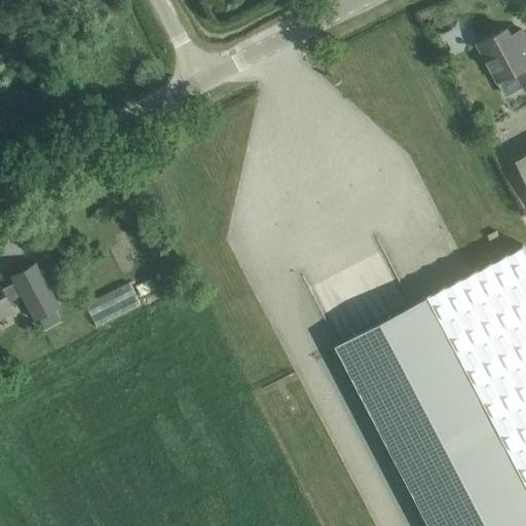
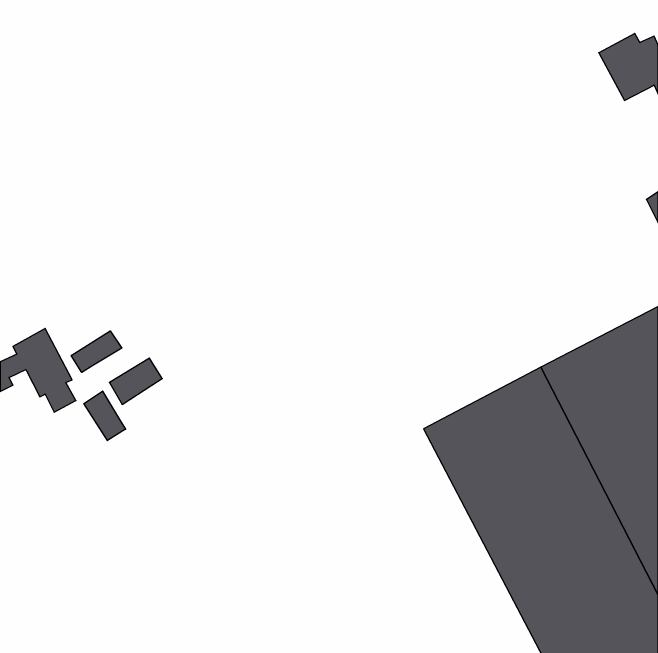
building: none -> [71,331,122,372]
building: none -> [84,391,126,441]

